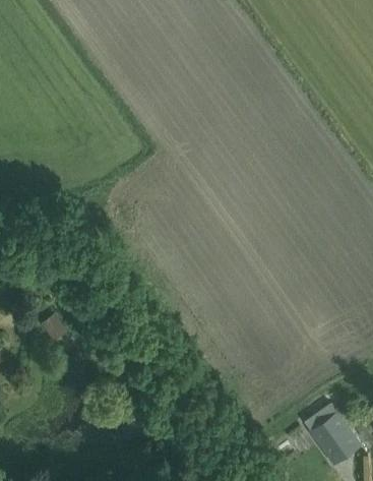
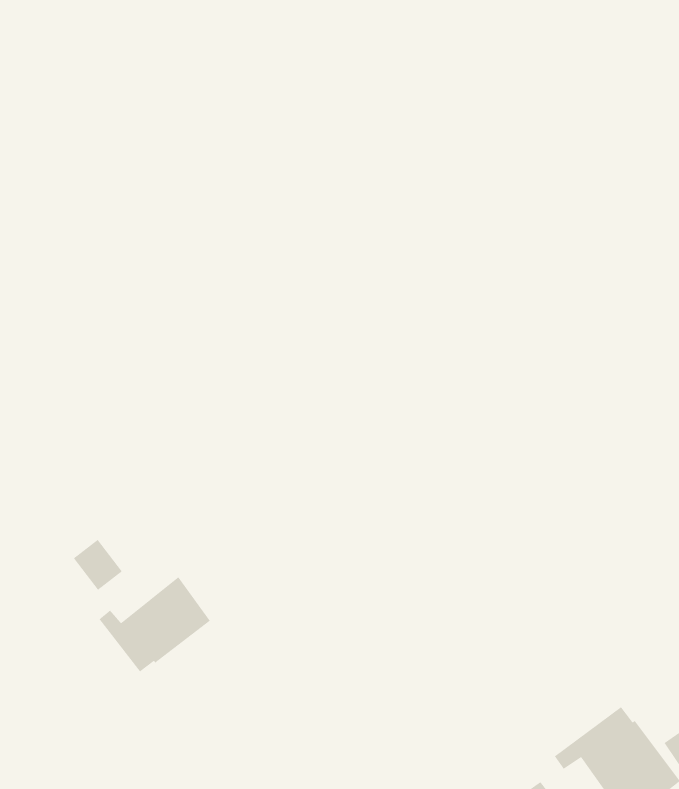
building: none -> [98,576,211,673]

